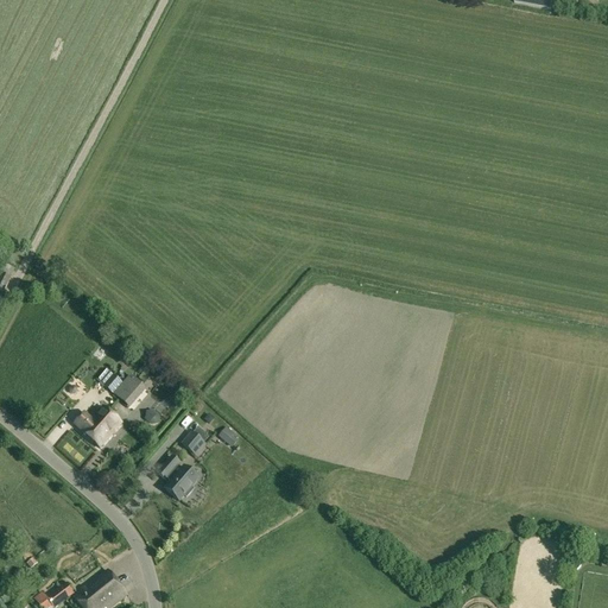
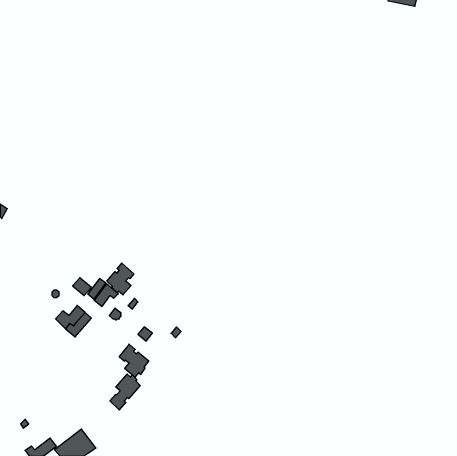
building: none -> [107,263,134,295]
building: none -> [110,374,140,410]

